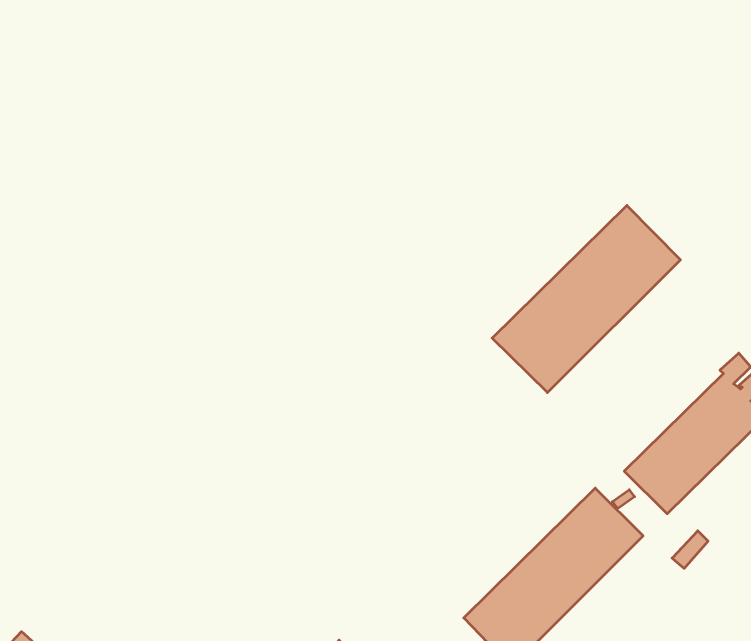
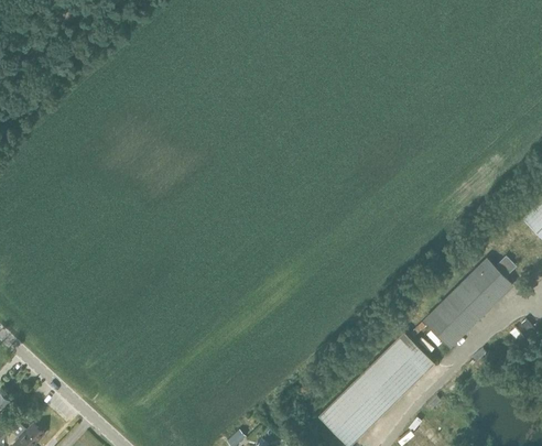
building: [492,205,680,393] -> none

